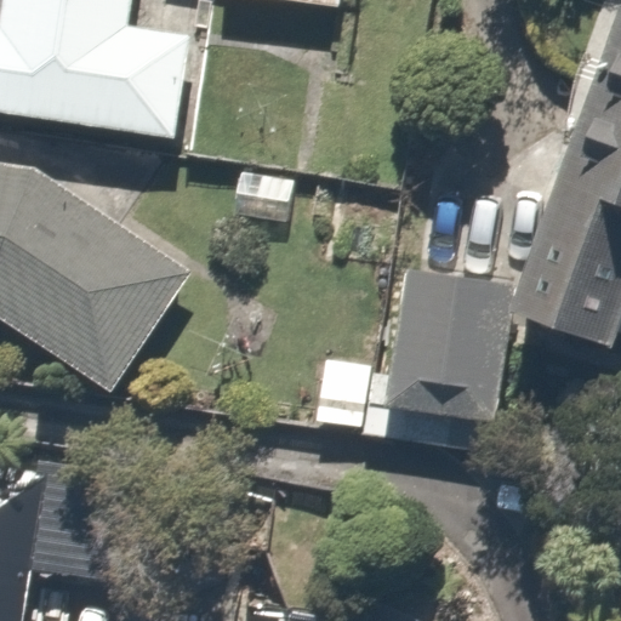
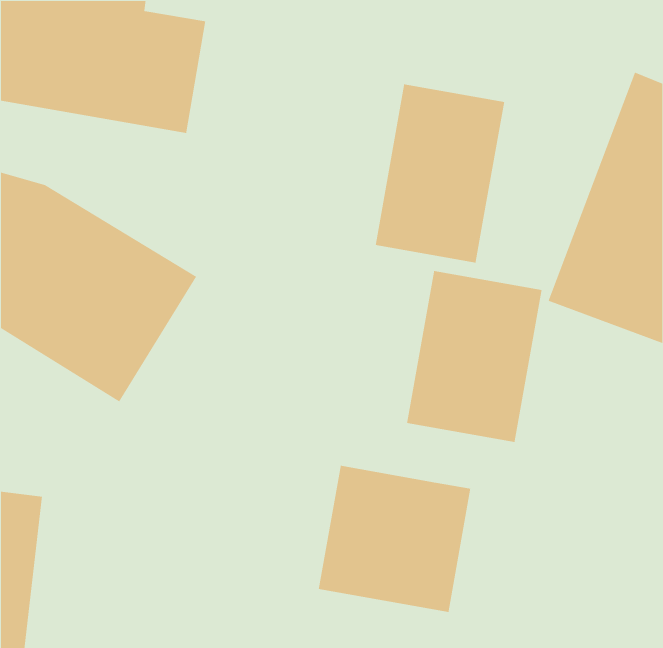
building: none -> [375,84,505,263]
building: none -> [318,465,471,613]

